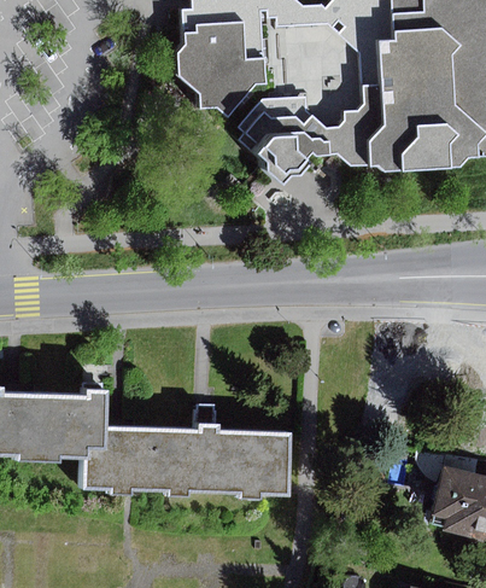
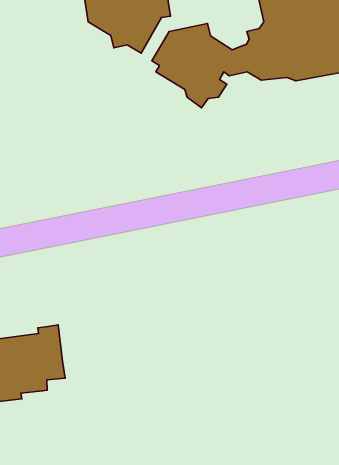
building: [75,423,282,497] -> none

